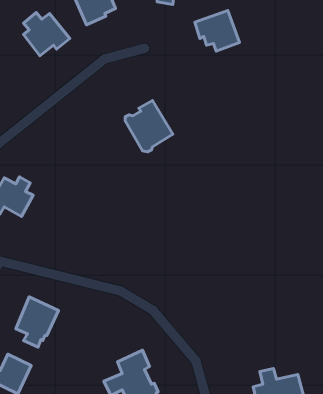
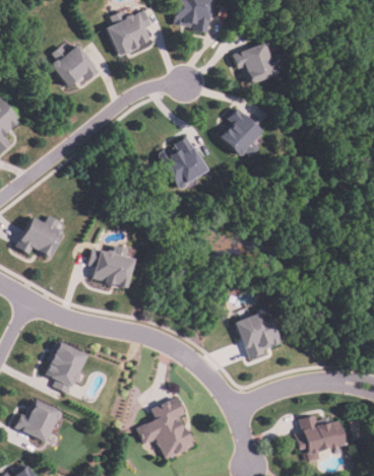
building: none -> [216,105,263,156]
building: none -> [86,246,133,287]
building: none -> [234,308,278,358]

